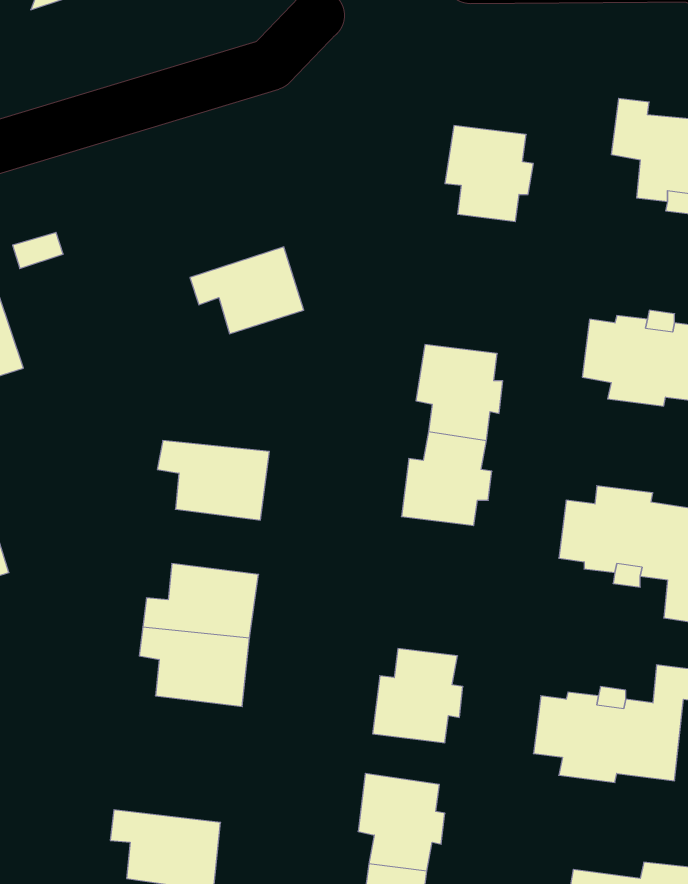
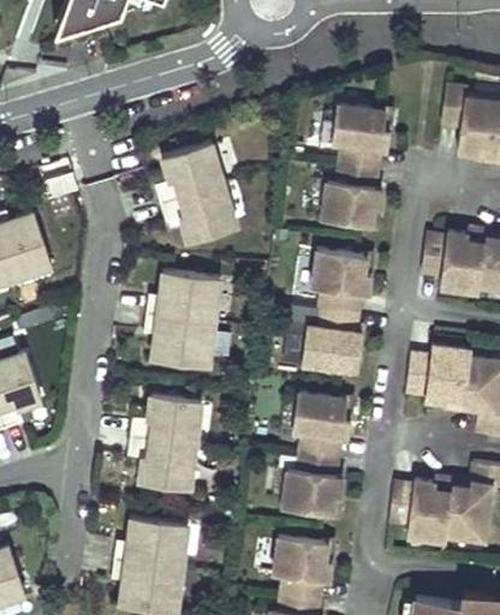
building: none -> [156,144,225,207]
building: none -> [322,165,382,227]
building: none -> [144,273,221,322]
building: none -> [293,394,351,458]
building: none -> [112,519,189,568]

